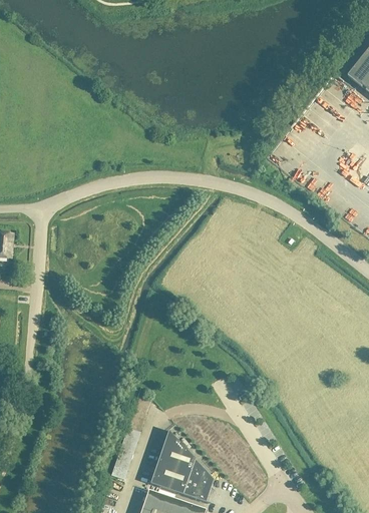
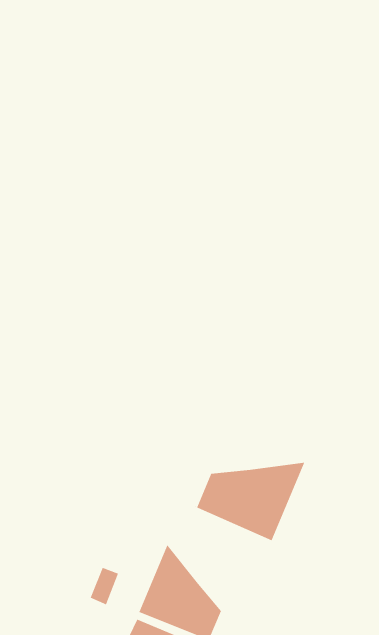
building: none -> [195,462,305,541]

